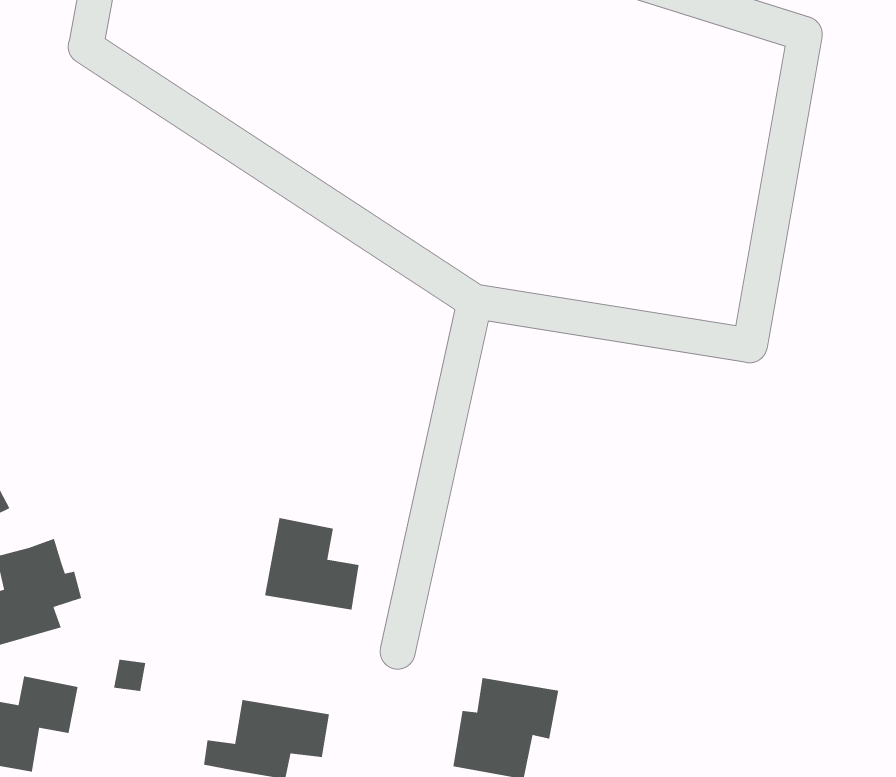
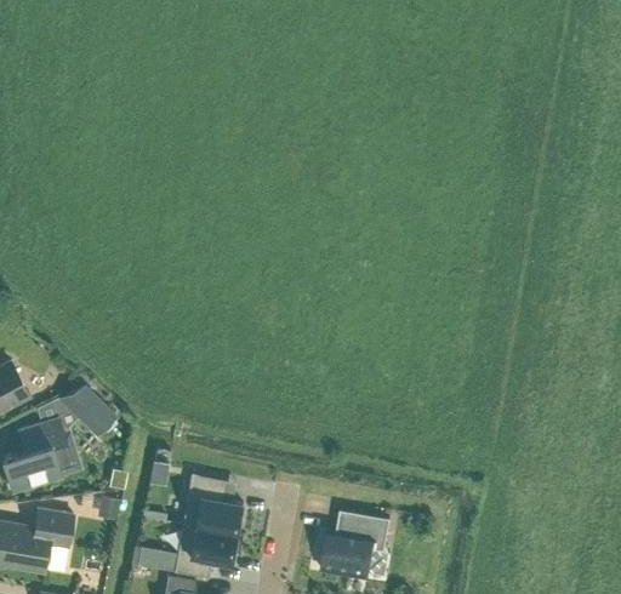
building: none -> [58,387,114,435]
building: [264,517,360,610] -> [181,472,244,533]

